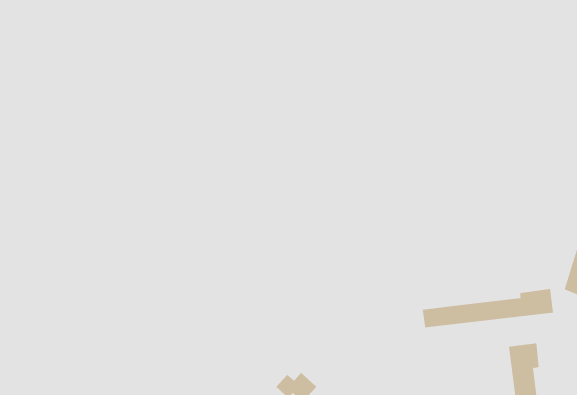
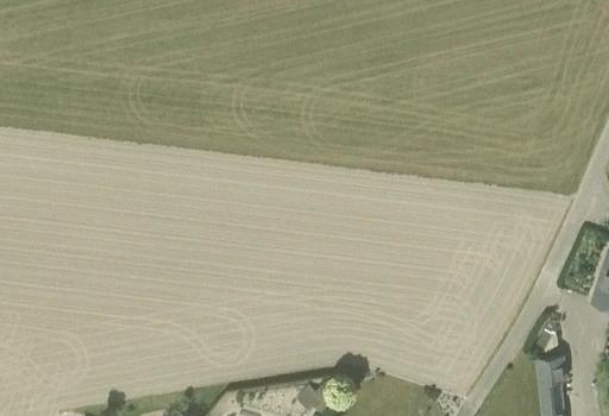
building: [422,288,553,328] -> none

